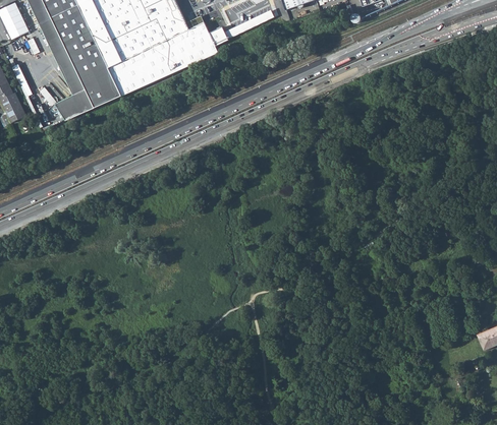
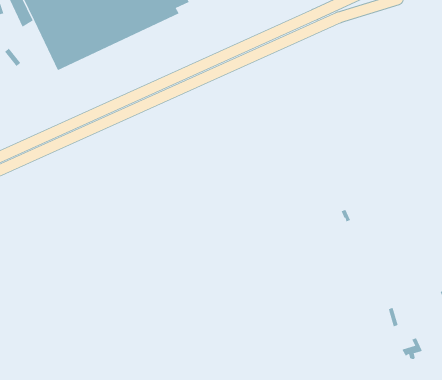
building: [58,58,94,122] -> none

